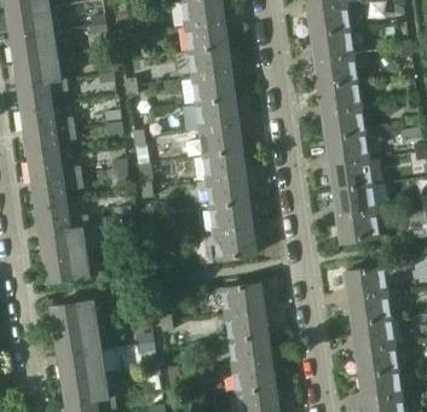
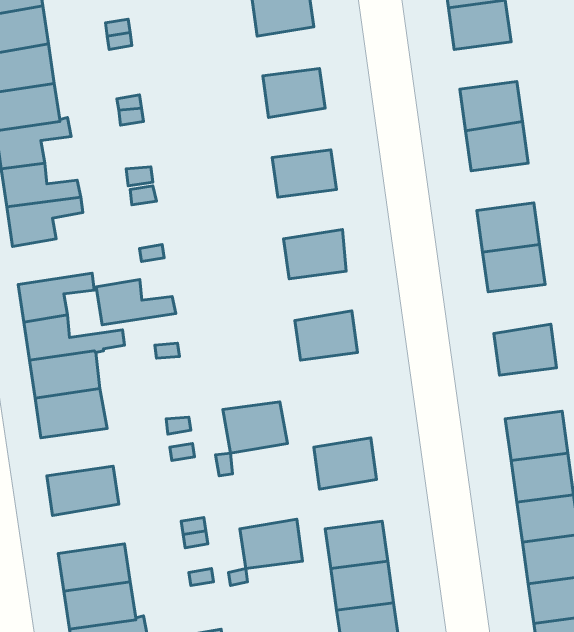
building: [187,22,227,53] -> none
building: [313,31,353,62] -> none
building: [195,74,235,105] -> none
building: [324,109,364,139] -> none
building: [201,126,242,157] -> none
building: [31,157,82,186] -> [96,279,176,325]
building: [208,178,248,209] -> none
building: [335,186,375,217] -> none
building: [215,230,256,262] -> [223,402,287,453]
building: [227,311,267,342] -> [240,519,303,569]
building: [57,326,103,358] -> none

